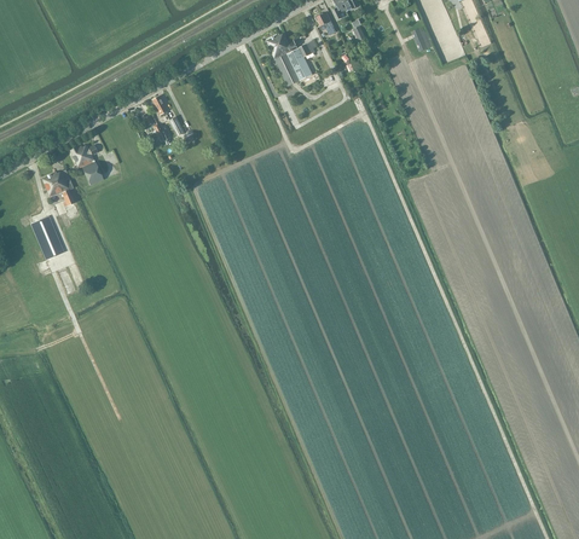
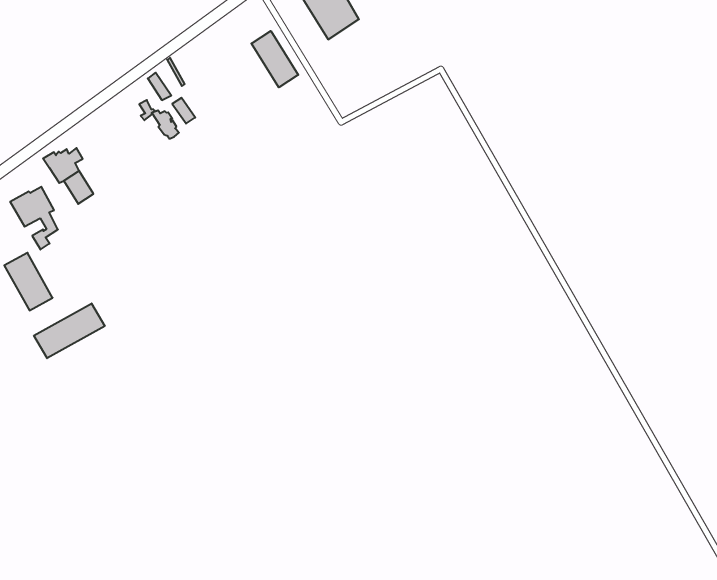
building: none -> [251,31,298,87]
building: none -> [34,303,105,358]

